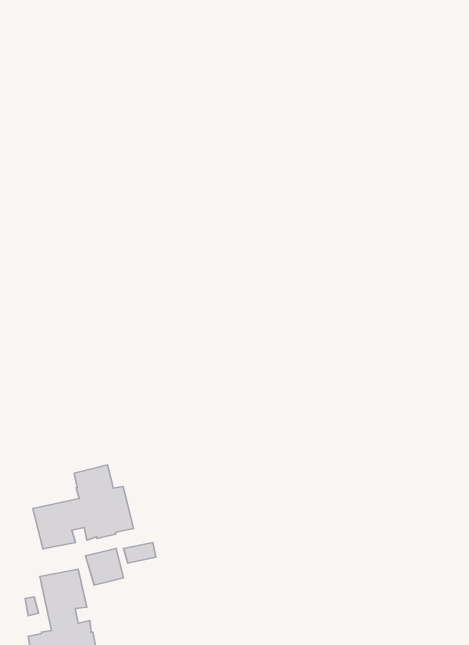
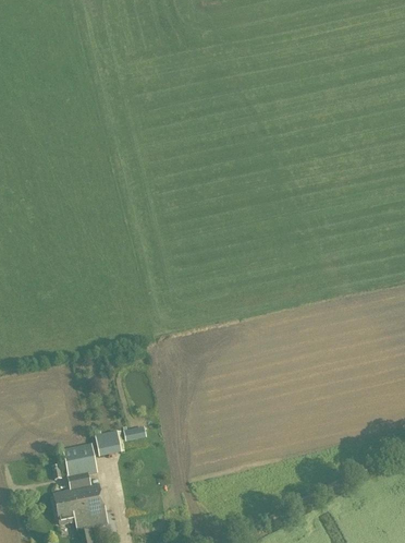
building: [33,465,134,549] -> none

